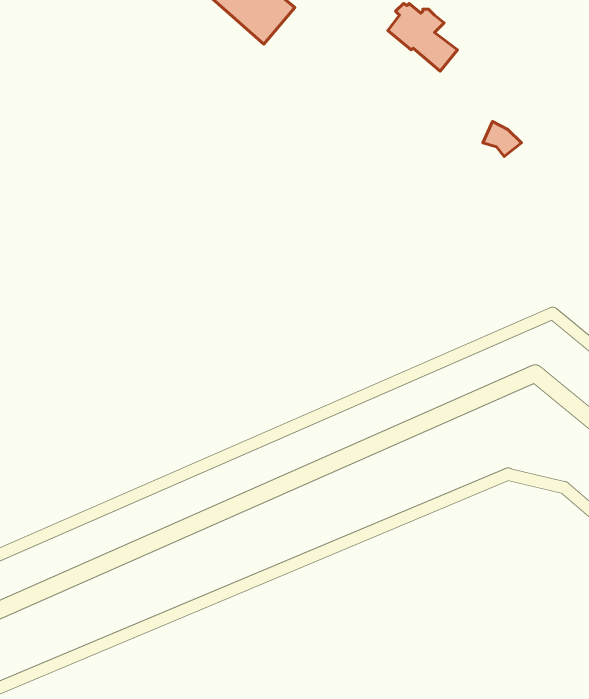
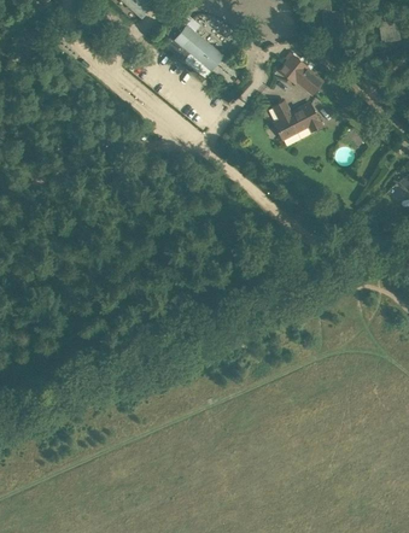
building: none -> [274,102,322,139]

